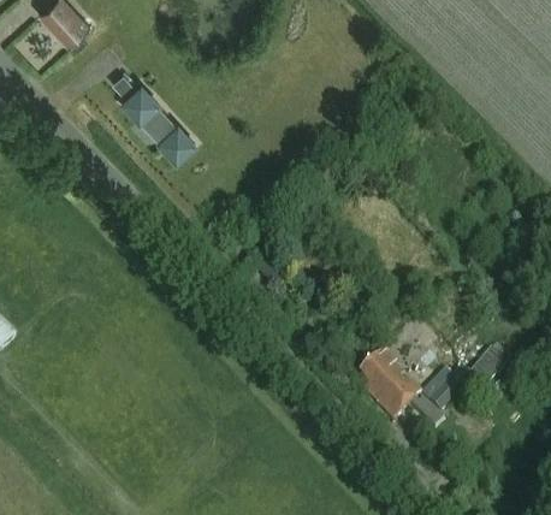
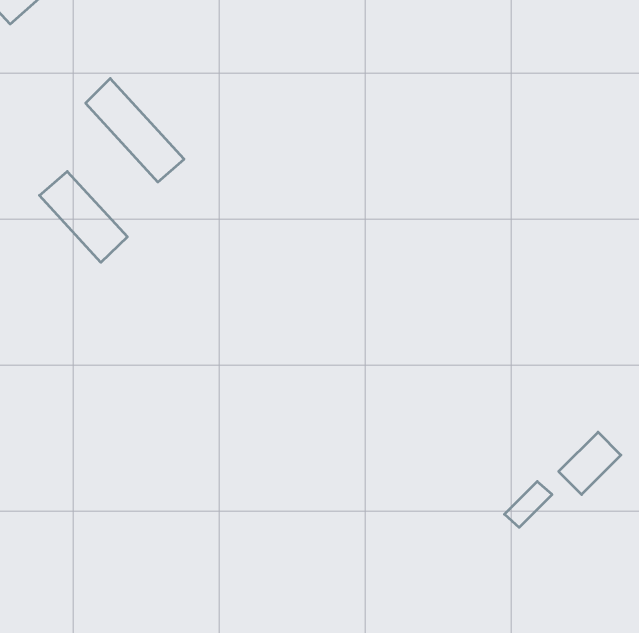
building: none -> [39,171,127,262]
building: [355,350,419,421] -> none

